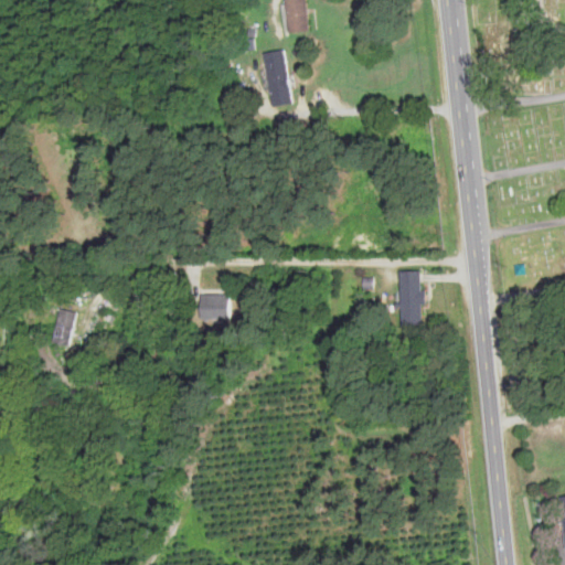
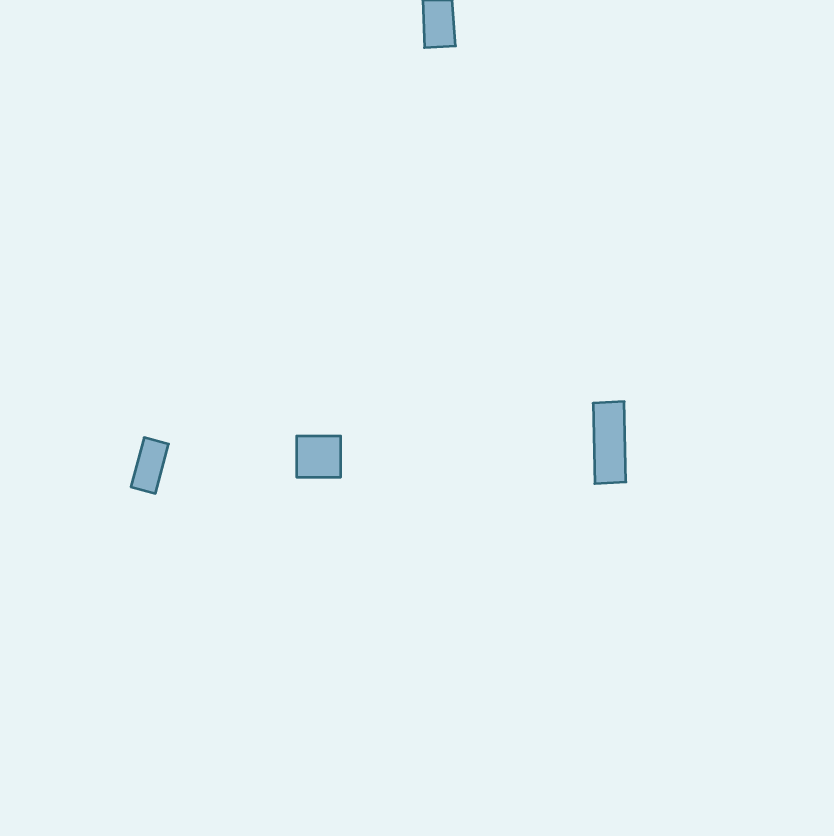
building: [263,51,290,106] -> none
building: [51,309,76,347] -> [131,438,169,493]

